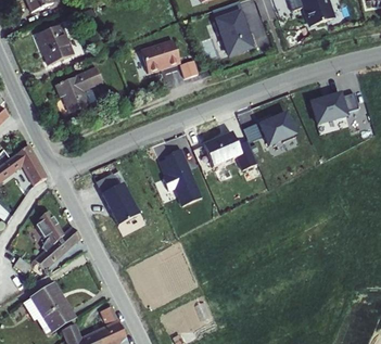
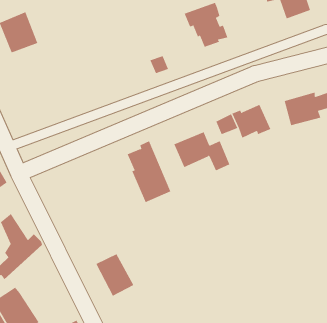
building: [139,36,179,69] -> none
building: [55,60,113,107] -> none
building: [102,184,139,226] -> [95,254,134,297]

